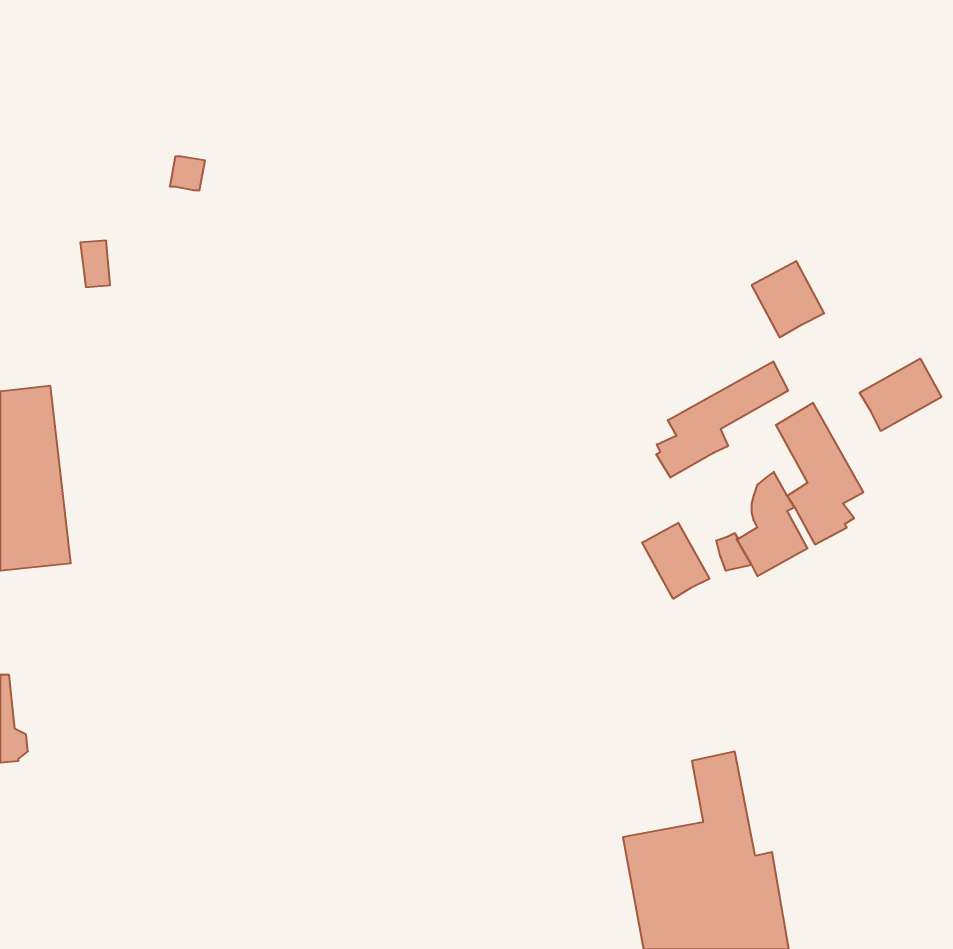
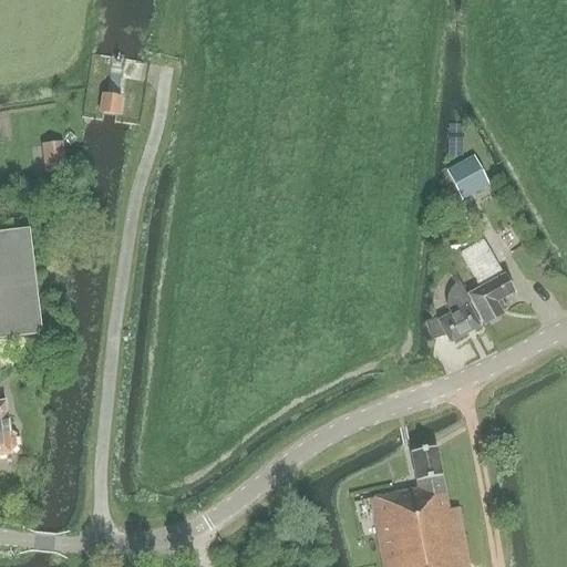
building: [860,359,941,431] -> none
building: [656,361,788,478] -> none
building: [642,523,709,599] -> none

